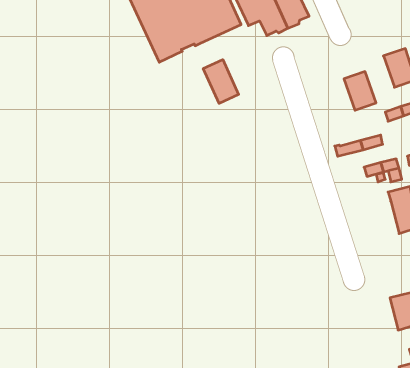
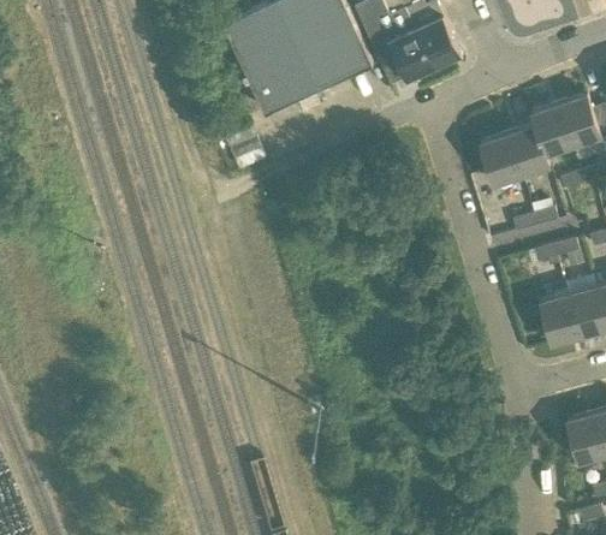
building: none -> [530,106,572,167]
building: [203,60,239,103] -> none
building: none -> [480,136,521,186]
building: none -> [539,296,578,345]

